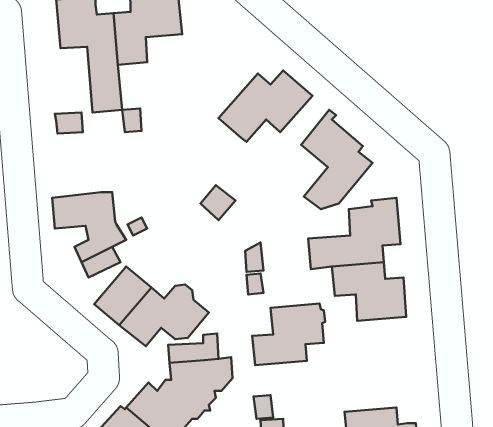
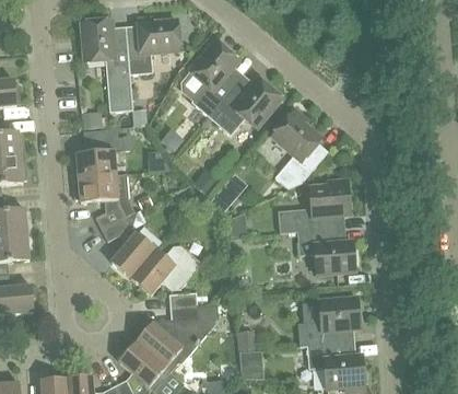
building: none -> [181,42,238,116]
building: none -> [75,135,131,178]
building: [252,304,325,365] -> [304,298,361,346]

